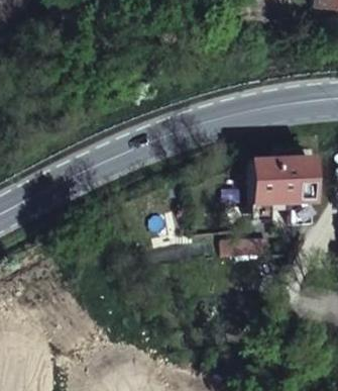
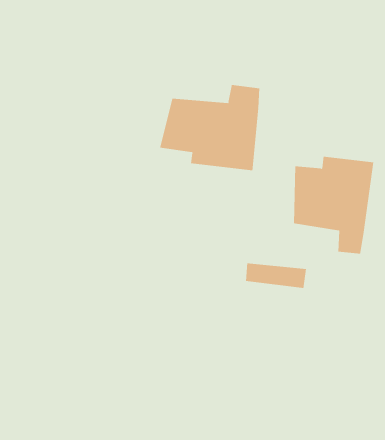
building: none -> [159,84,260,171]

